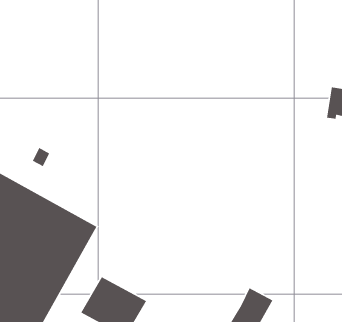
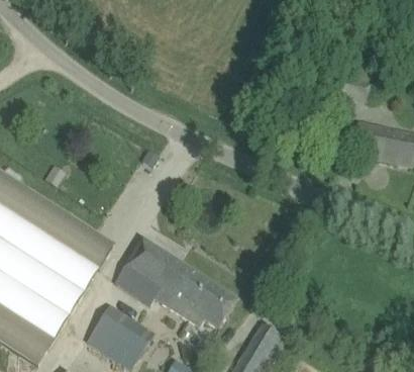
building: none -> [113,239,235,329]

